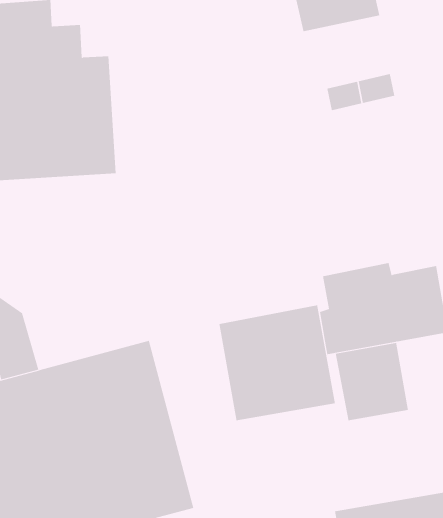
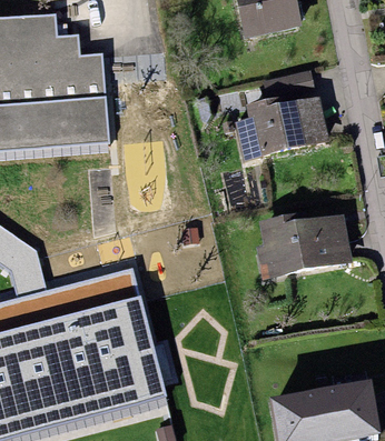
building: none -> [235,96,330,161]
building: [219,305,336,421] -> none
building: [335,342,409,421] -> none

